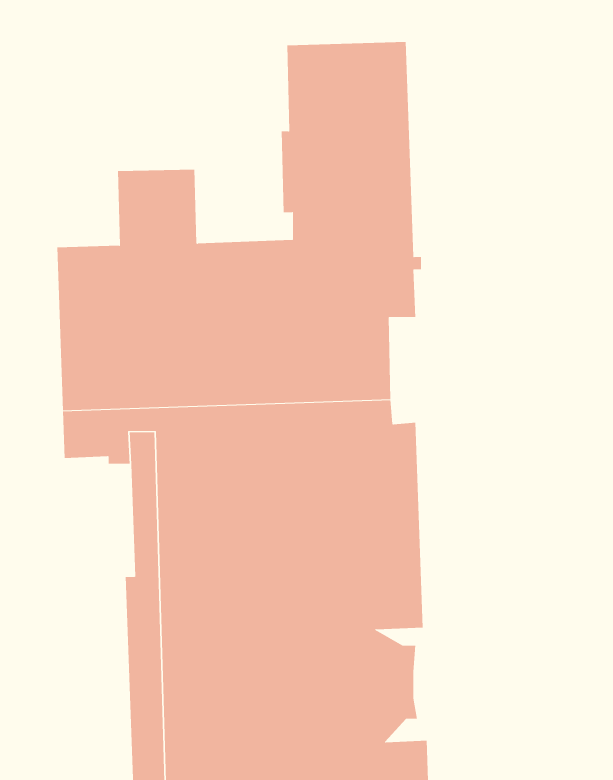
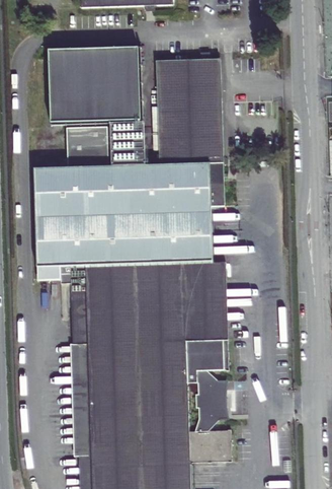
building: none -> [48,47,144,164]

